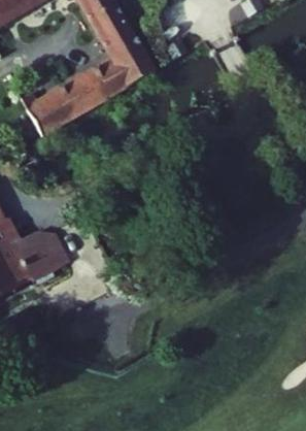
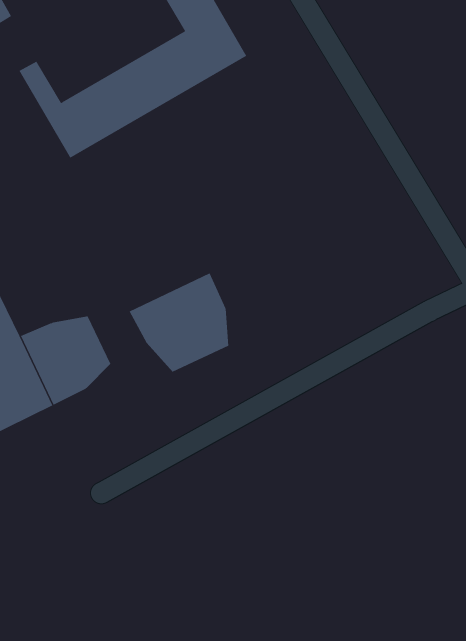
building: none -> [129,273,229,373]

